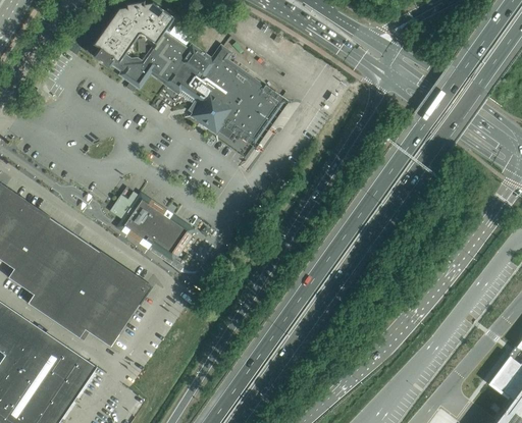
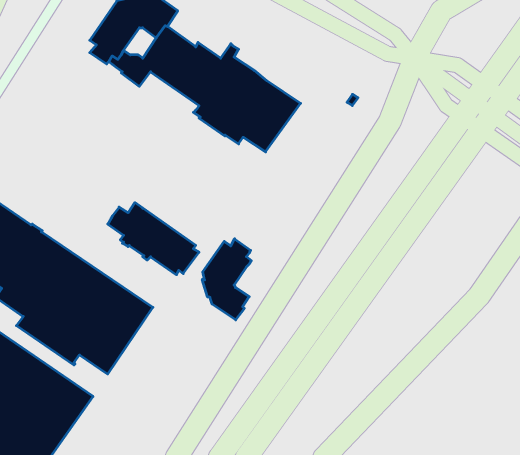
building: none -> [202,239,251,320]

